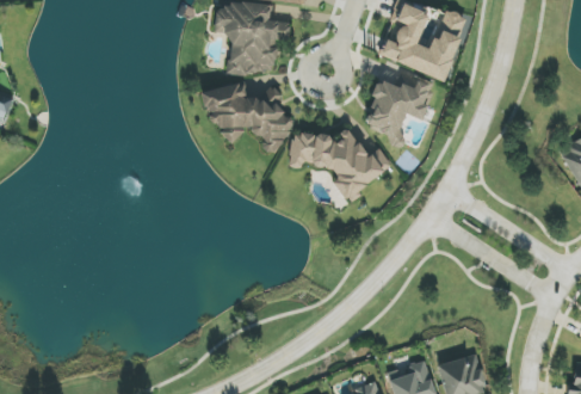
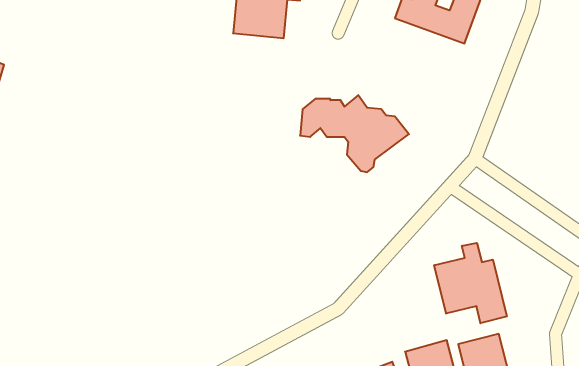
building: [370,68,432,146] -> none
building: [199,81,291,149] -> none
building: none -> [434,243,507,323]

